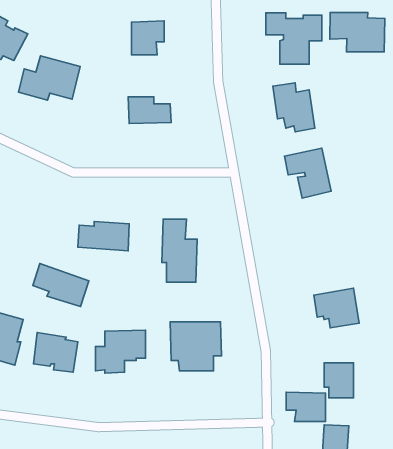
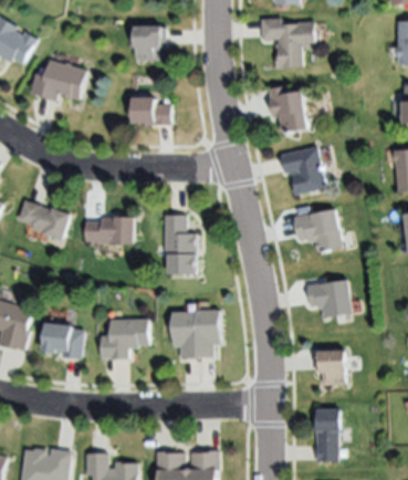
building: [330,13,385,52] -> none
building: none -> [292,210,339,251]
building: [33,263,89,307] -> [17,199,70,240]
building: [286,392,326,421] -> none

